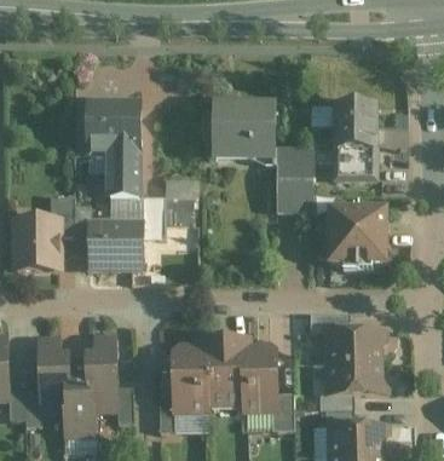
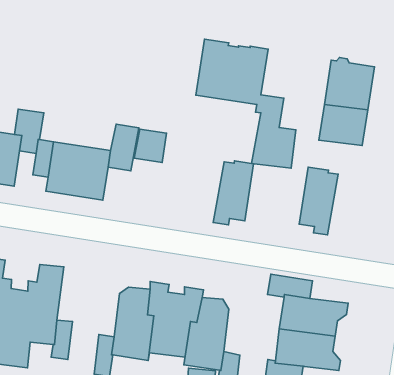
building: [90,104,139,197] -> none
building: [357,208,386,269] -> [213,161,254,225]

